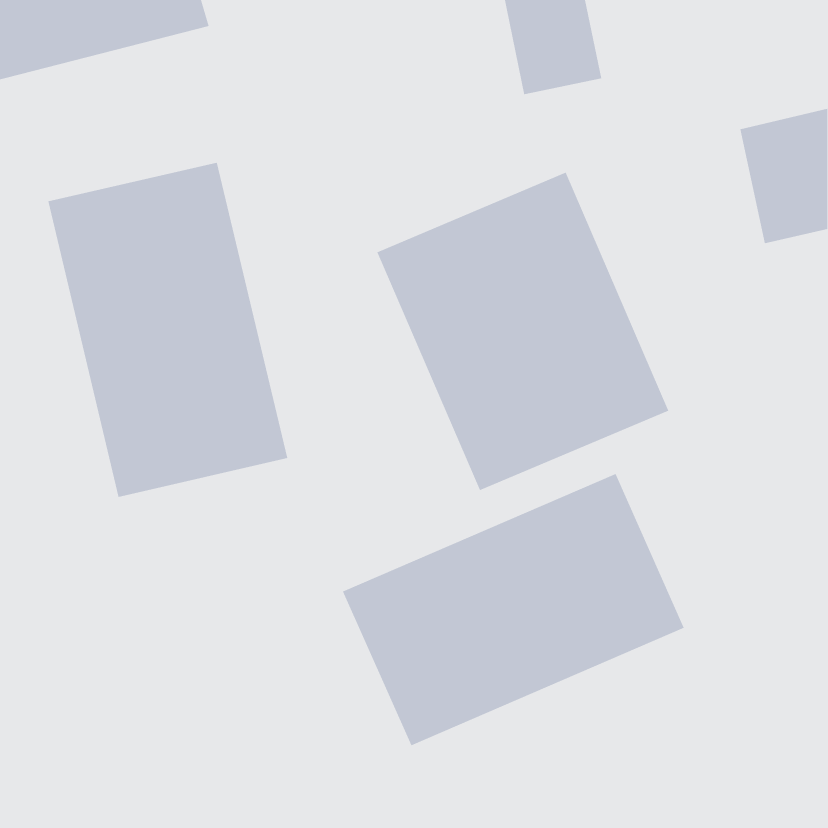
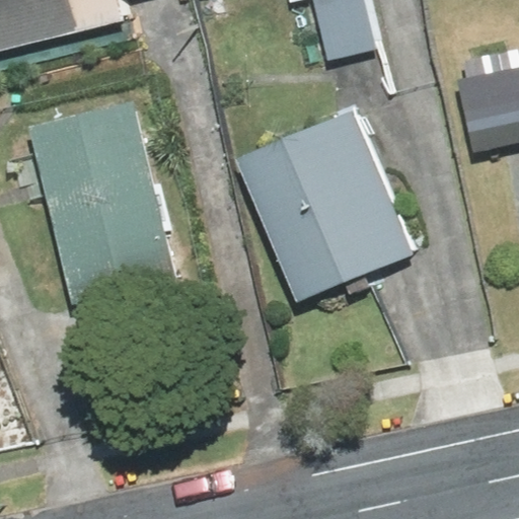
building: [342,473,685,746] -> none

